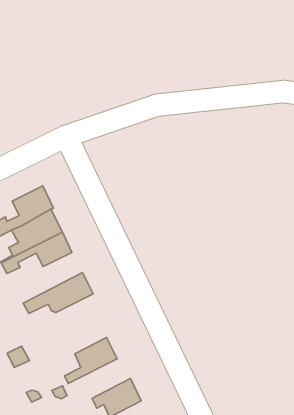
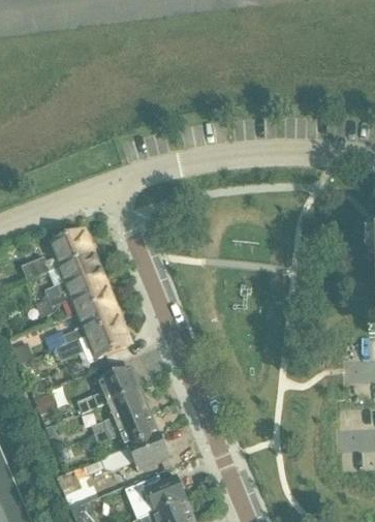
building: none -> [46,298,119,347]
building: none -> [77,365,138,411]
building: none -> [95,411,160,449]

